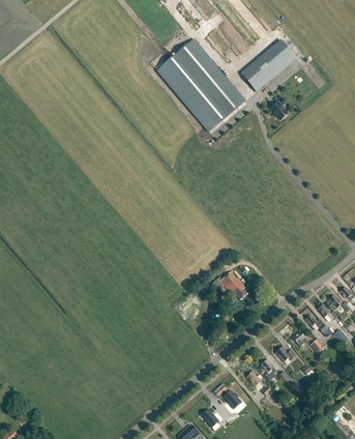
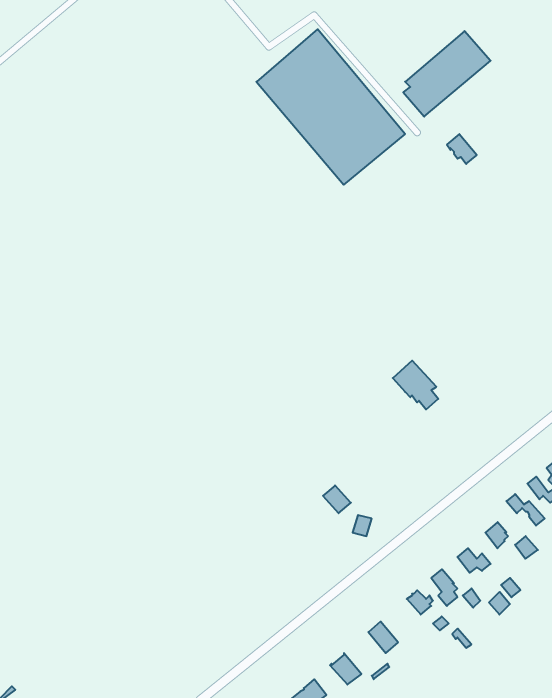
building: [220,270,247,299] -> [393,361,438,409]

